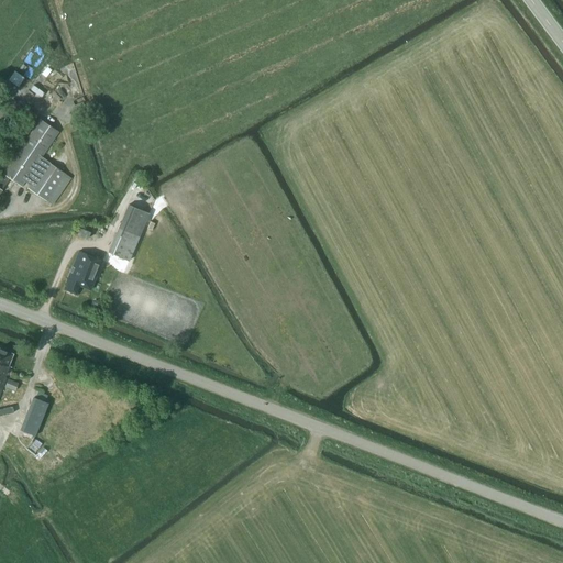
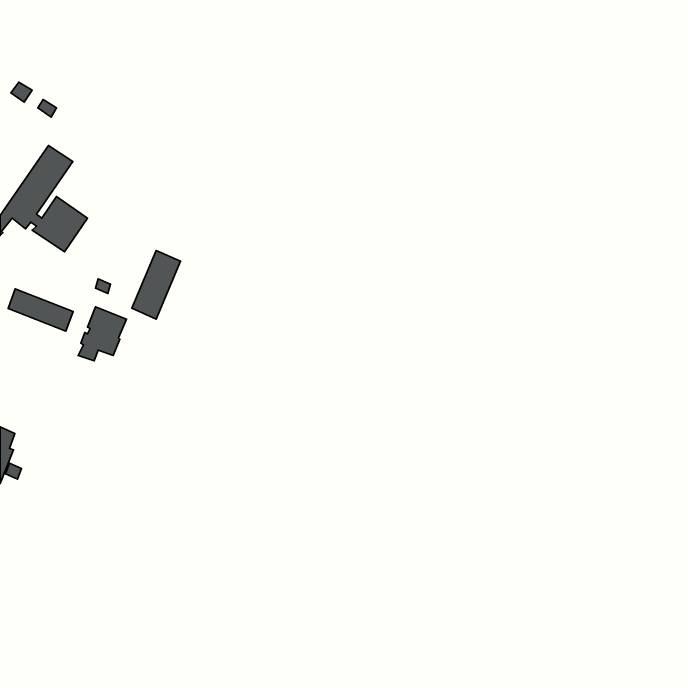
building: none -> [8,289,73,331]
building: [20,391,48,437] -> none

